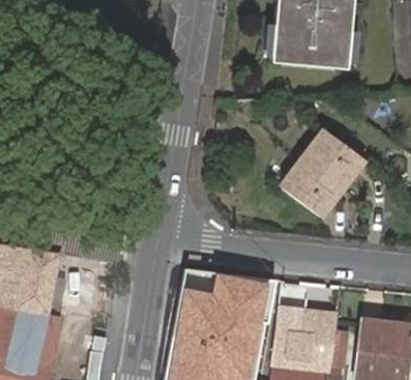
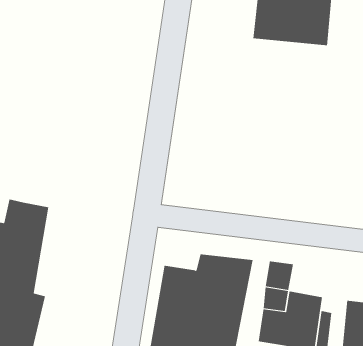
building: [282,133,363,218] -> none

